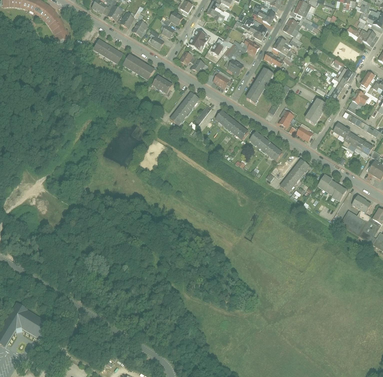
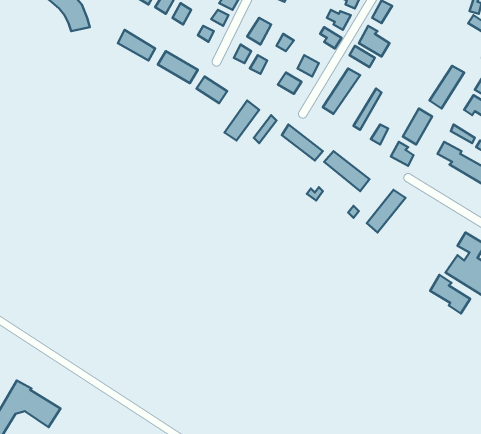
building: [315,172,345,201] -> [430,275,470,314]

